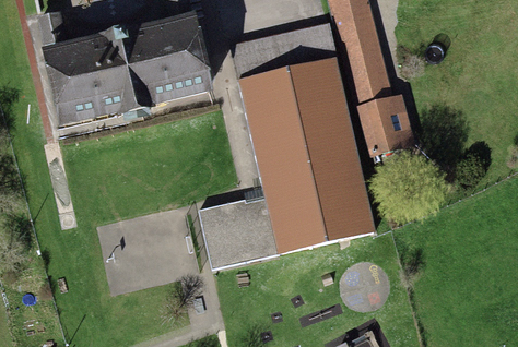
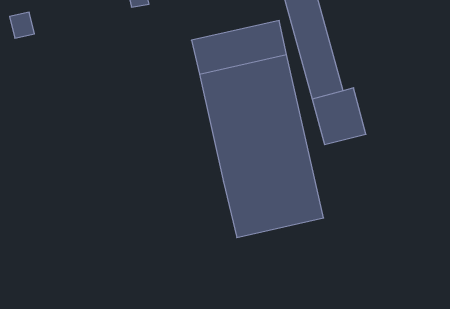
building: [47,20,210,125] -> none
building: [204,193,280,266] -> none

